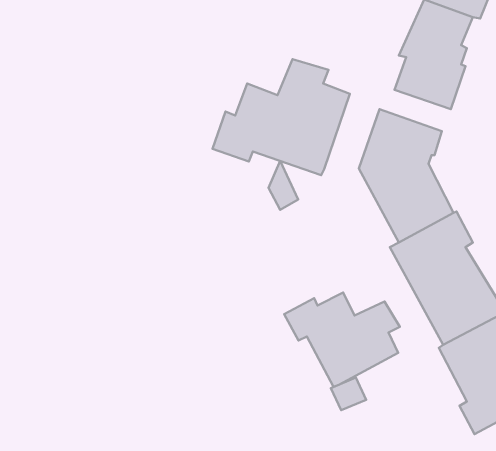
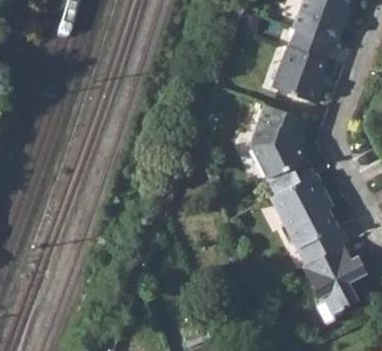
building: [213,59,350,175] -> none
building: [284,293,400,387] -> none

